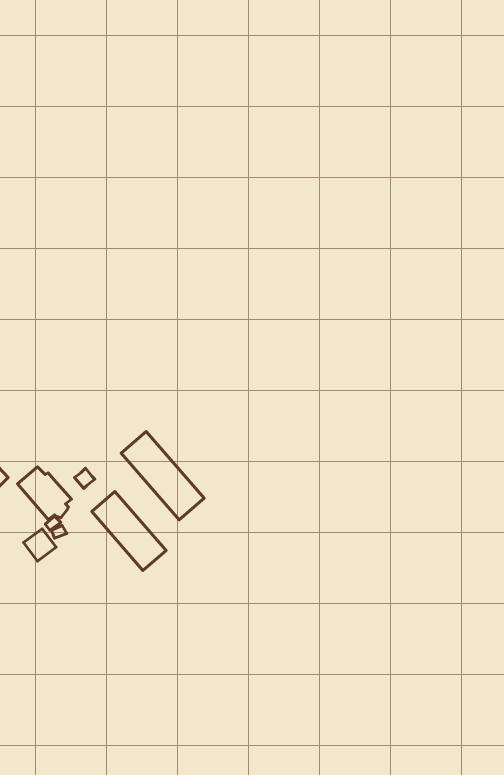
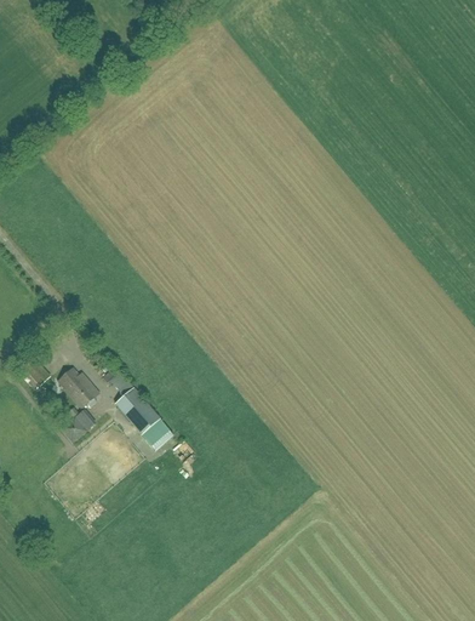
building: [121,431,204,520] -> none

